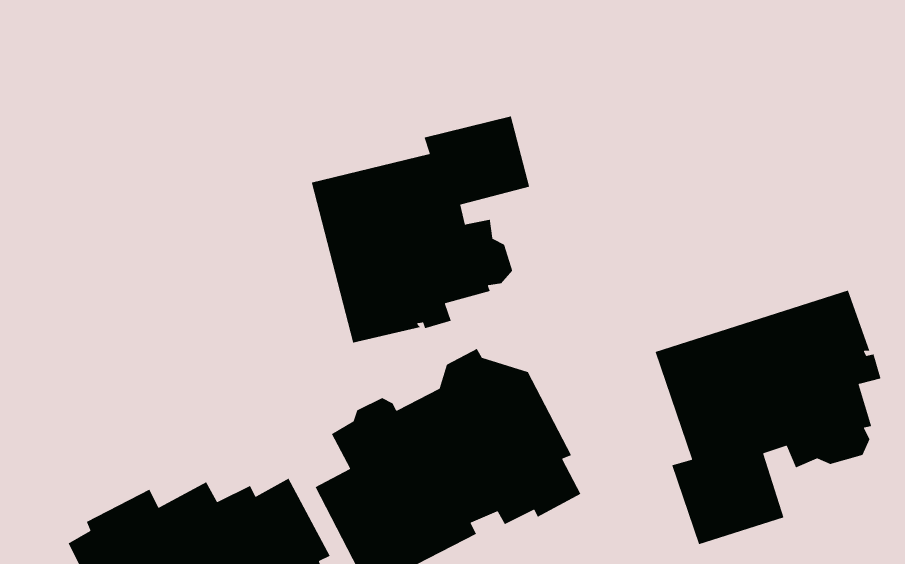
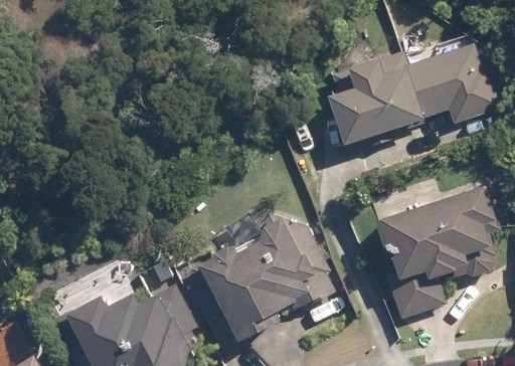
building: none -> [325,50,502,153]
building: [311,116,530,344] -> none

